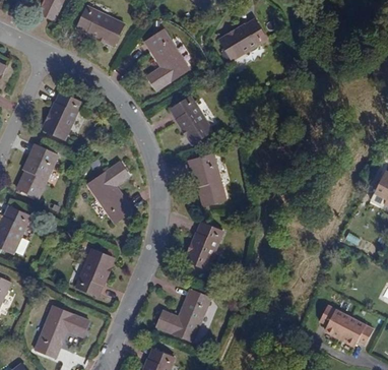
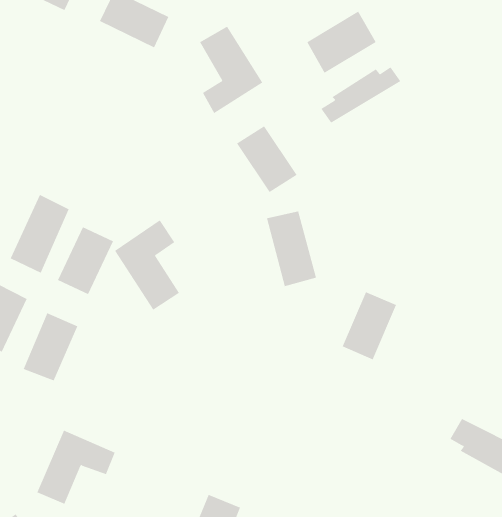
building: none -> [321,67,401,124]
building: [43,96,81,142] -> [57,226,114,295]
building: [185,226,222,272] -> [342,291,397,360]
building: [76,249,114,296] -> [23,313,78,381]
building: [155,292,210,345] -> none

